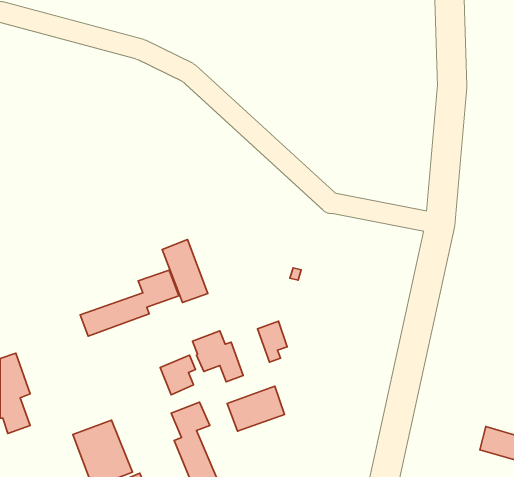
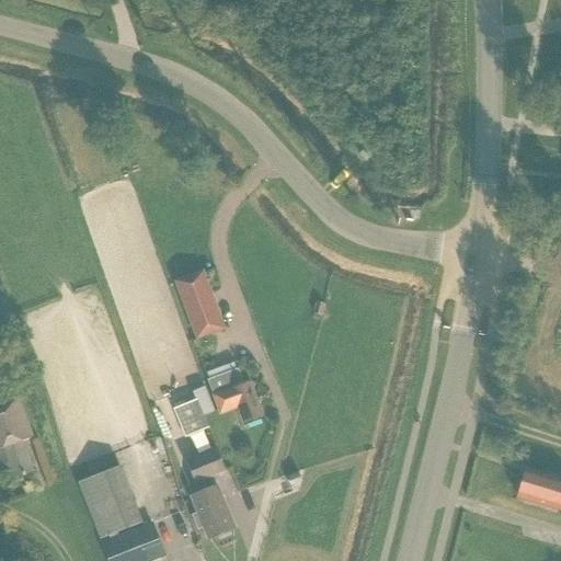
building: [80,270,179,336] -> none
building: [257,321,287,362] -> none
building: [227,386,285,431] -> none

